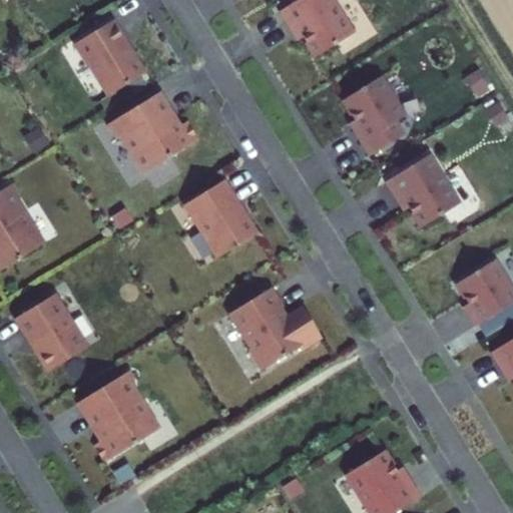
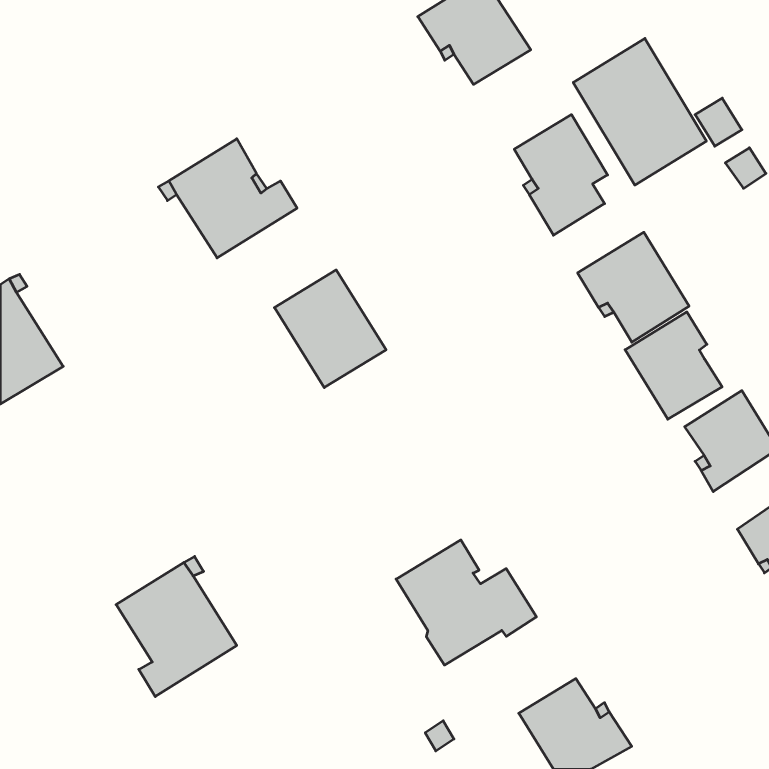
building: [73,20,144,95] -> none
building: none -> [573,38,706,185]
building: none -> [625,312,722,419]
building: [229,287,323,370] -> [396,540,536,665]
building: [15,294,85,372] -> none

